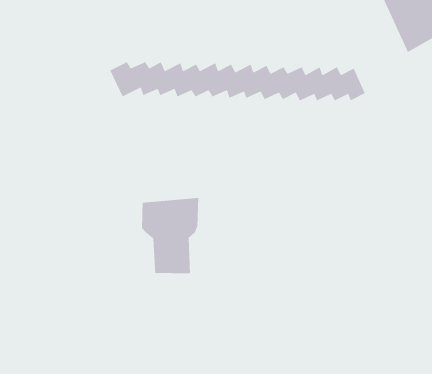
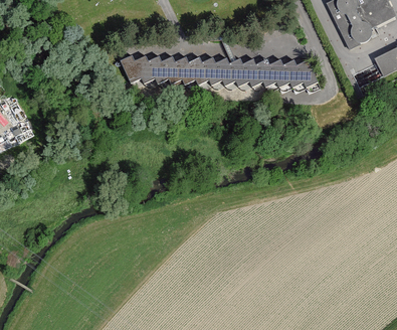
building: [141,197,199,274] -> none

